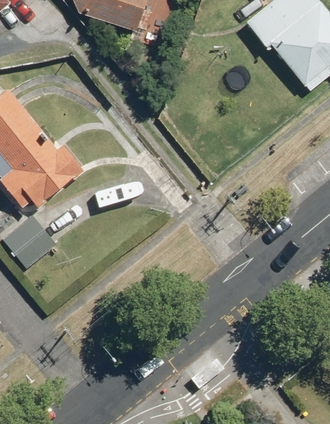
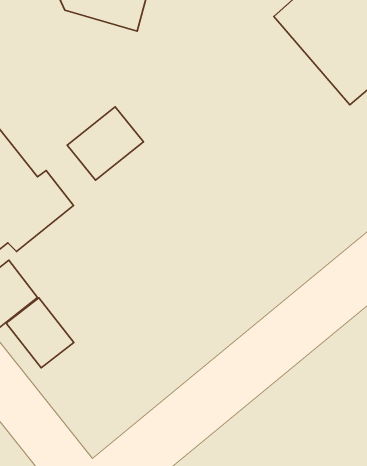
building: none -> [67,107,143,180]
building: none -> [6,298,74,368]

